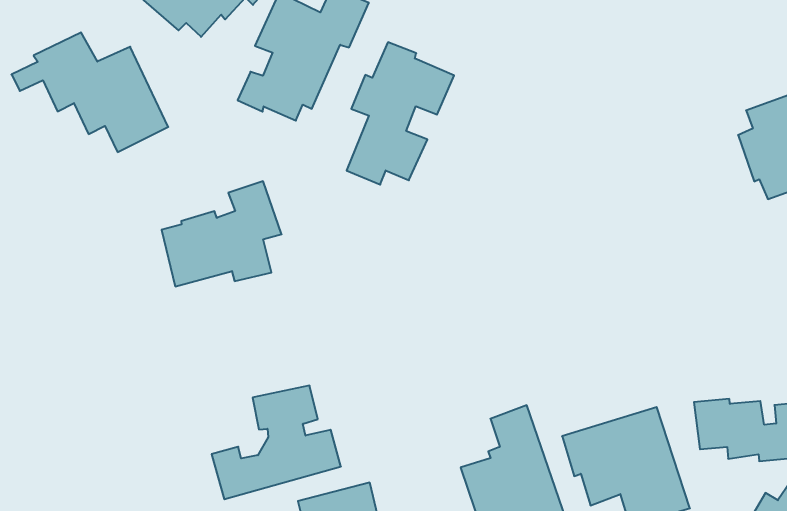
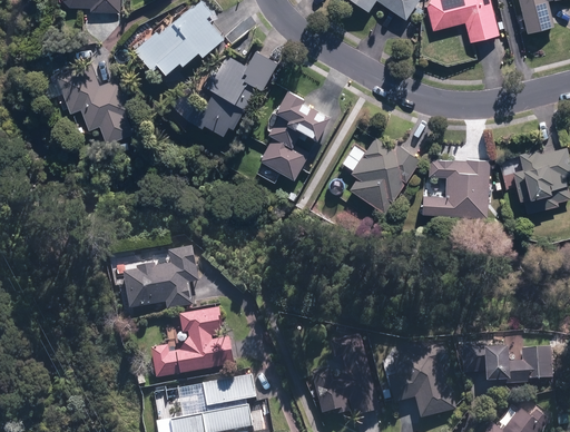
building: none -> [335,137,420,214]
building: none -> [422,159,489,216]
building: [162,181,282,286] -> [118,246,196,310]

